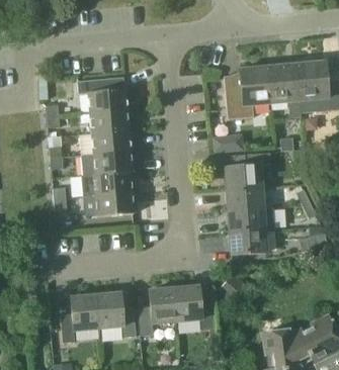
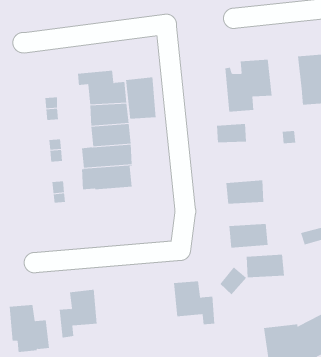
building: [267,64,301,117] -> none
building: none -> [125,76,156,119]
building: [224,152,271,189] -> none
building: [95,193,135,216] -> none
building: [227,208,265,232] -> [246,254,285,278]
building: [138,288,176,336] -> none
building: [95,292,136,340] -> [9,304,50,352]

